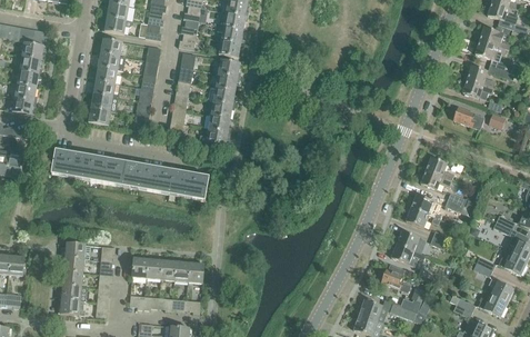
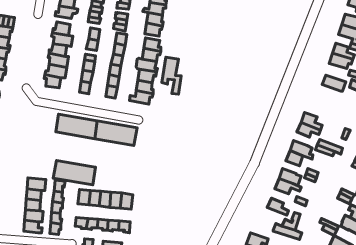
building: none -> [162,57,181,94]
building: [50,149,106,181] -> [53,160,95,185]
building: [358,299,391,321] -> none

